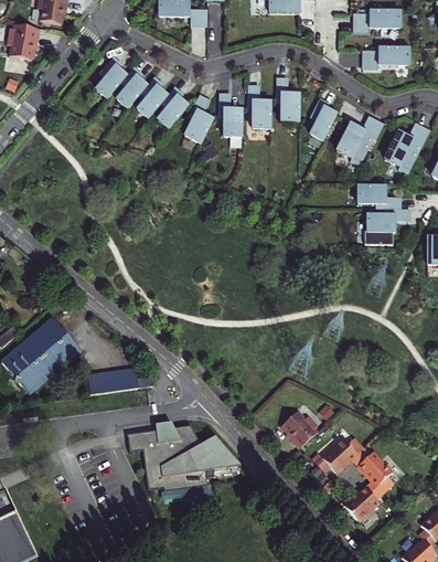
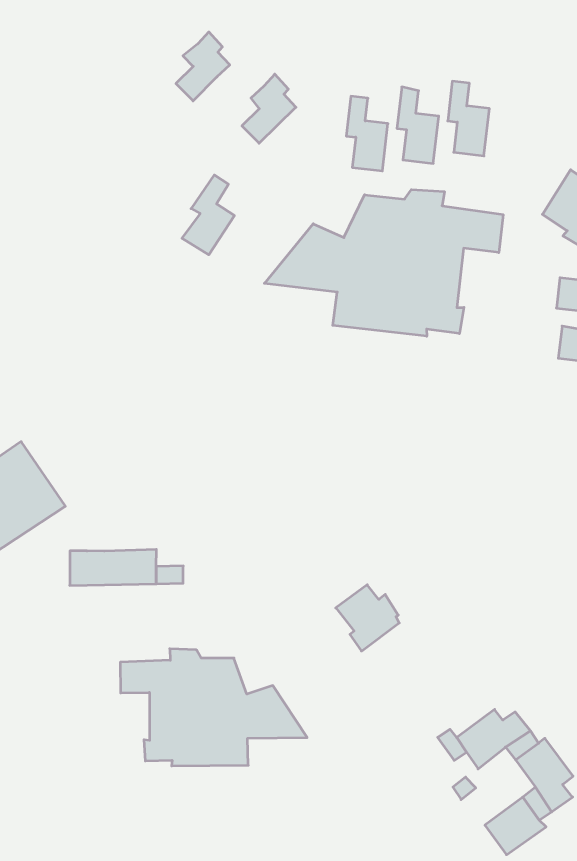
building: [96,57,127,98] -> none
building: [138,77,168,118] -> none
building: [184,96,213,142] -> [182,175,234,255]
building: [309,99,336,140] -> none
building: none -> [264,190,503,336]
building: [280,411,318,449] -> [336,585,399,651]

